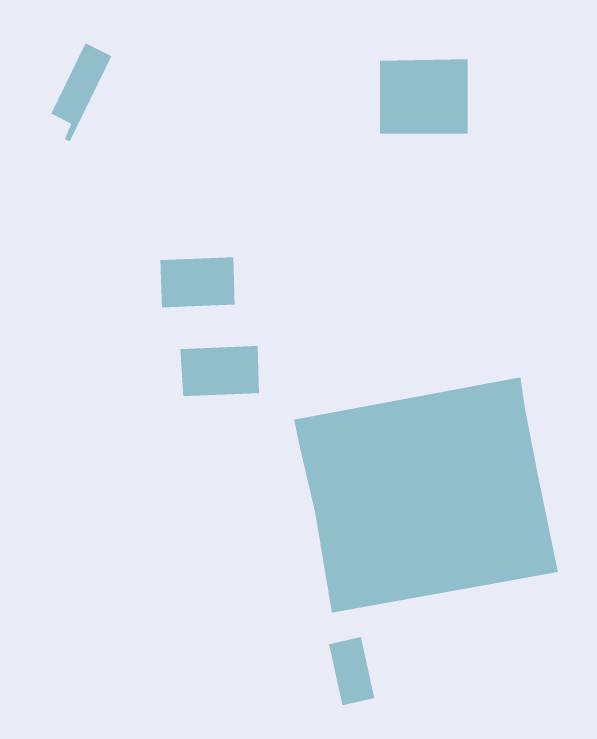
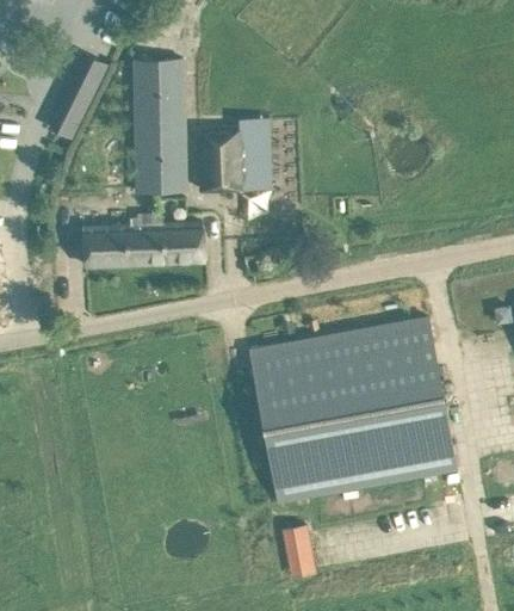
building: none -> [134,60,185,195]
building: [379,59,469,134] -> [199,129,270,189]
building: [179,345,260,397] -> [81,224,144,265]

